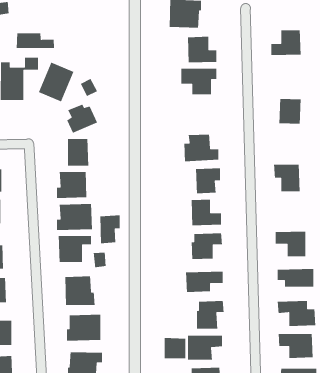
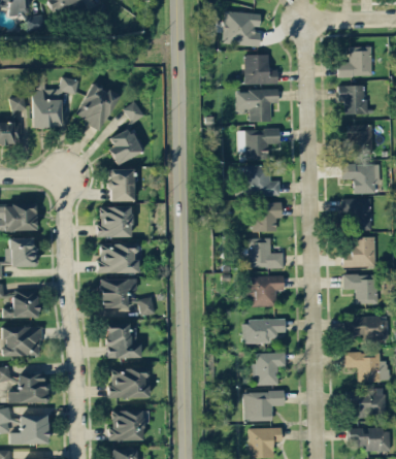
building: [16,33,55,49] -> none
building: none -> [338,86,366,114]
building: none -> [241,130,280,160]
building: none -> [341,165,381,195]
building: none -> [343,237,376,268]
building: [99,214,120,244] -> none
building: [164,337,186,359] -> none

